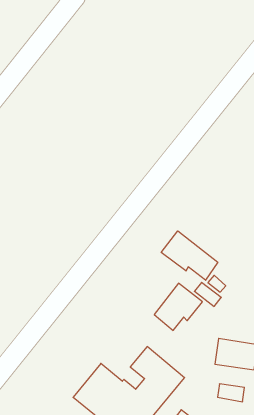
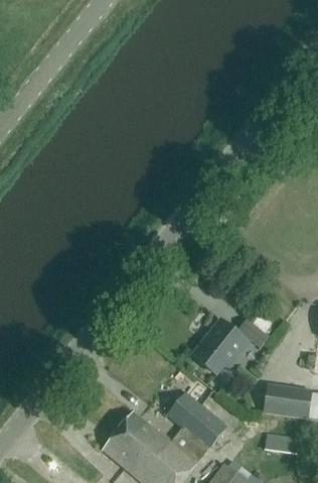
building: [161,231,218,280] -> none

